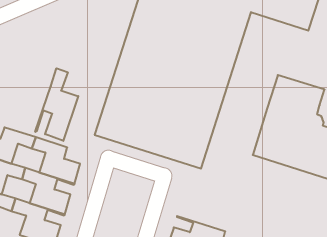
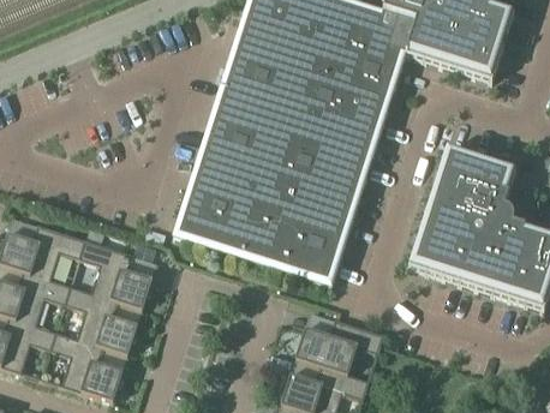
building: [35,68,78,141] -> none
building: none -> [295,317,383,378]

